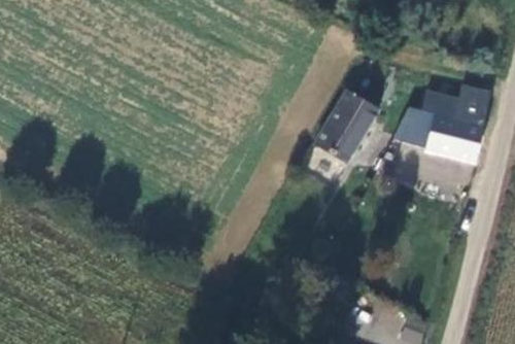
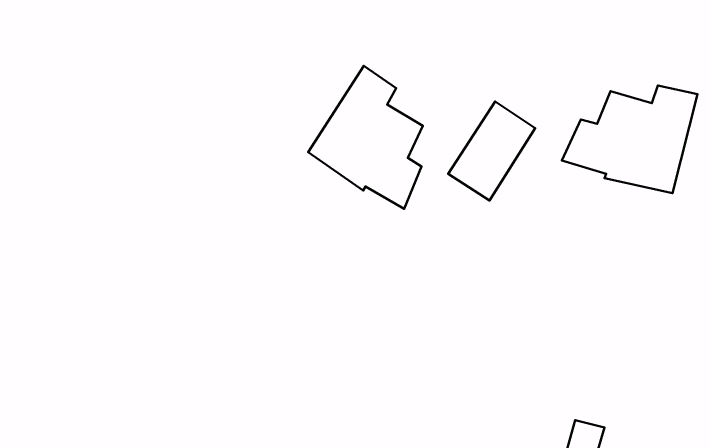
building: none -> [308,66,423,209]

